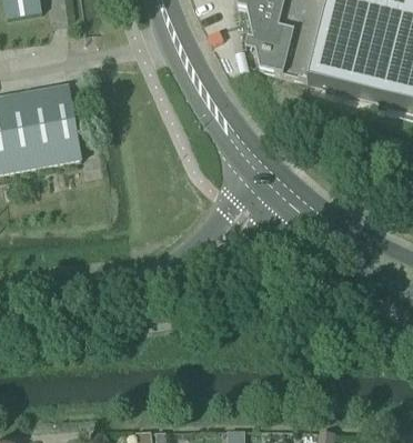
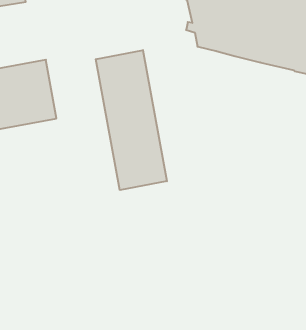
building: none -> [96,50,167,190]

